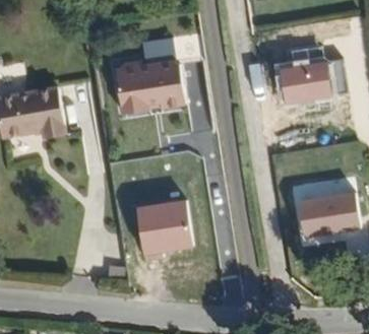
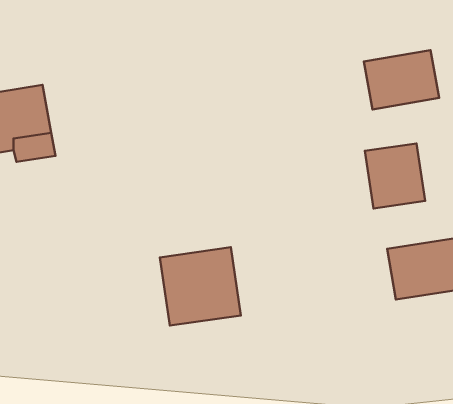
building: [113,51,183,107] -> none
building: none -> [365,143,425,209]

